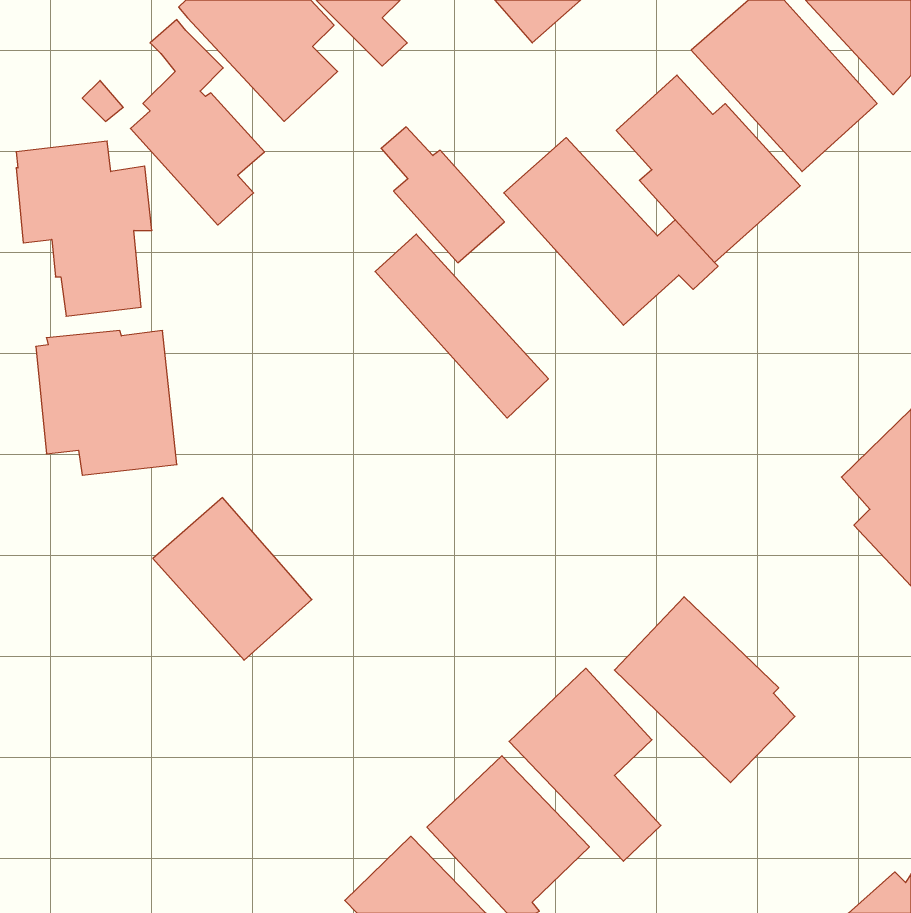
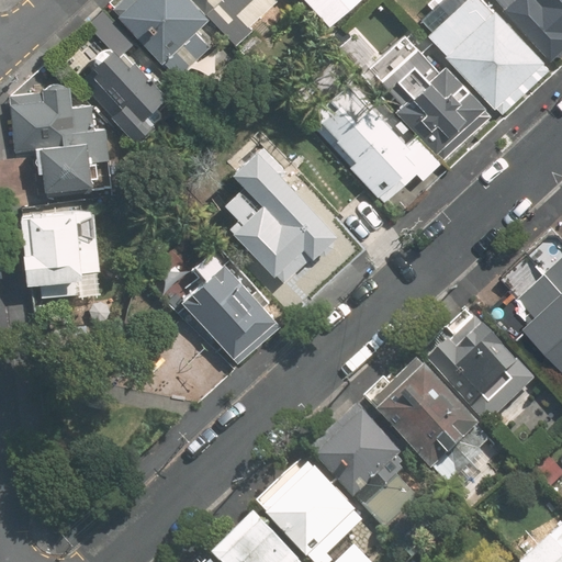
building: [381,127,504,263] -> [225,191,301,274]
building: [153,498,312,660] -> [180,261,278,361]
building: none -> [427,316,535,424]

